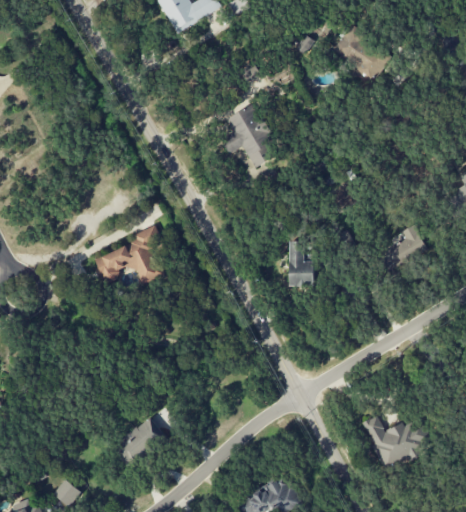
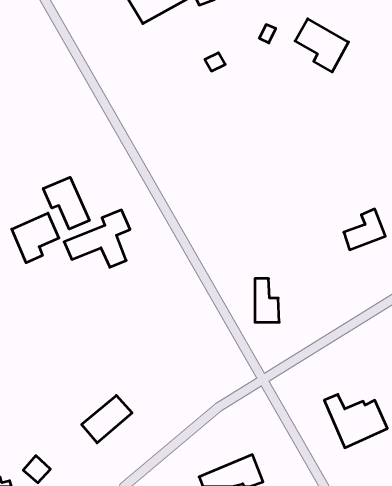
building: [220,103,278,167] -> none
building: none -> [43,177,89,229]
building: none -> [12,213,59,263]
building: [289,240,314,285] -> [255,279,279,322]

